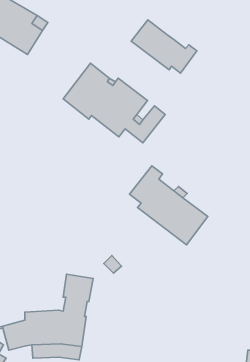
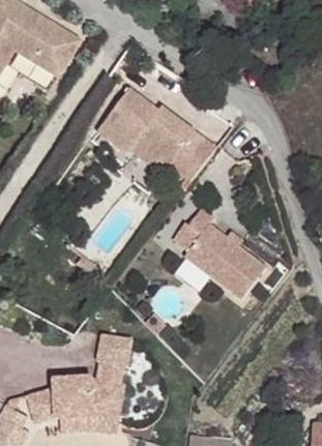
building: [131,20,197,73] -> none

